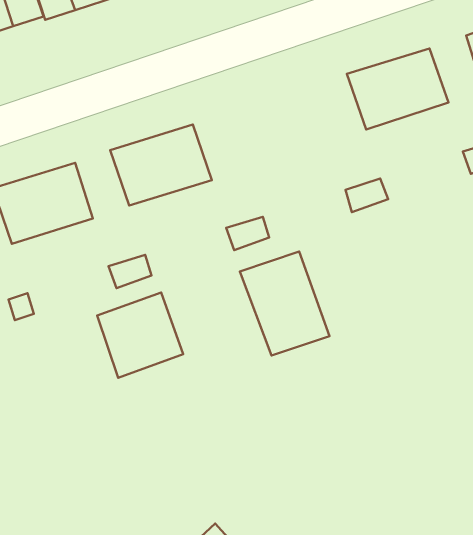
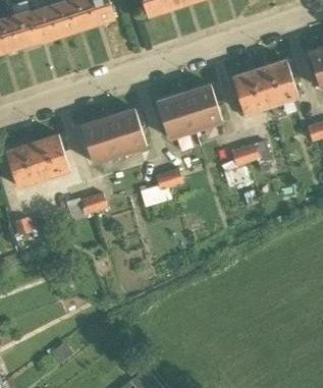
building: none -> [157,86,221,137]
building: [240,251,330,355] -> none
building: [97,292,183,378] -> none

